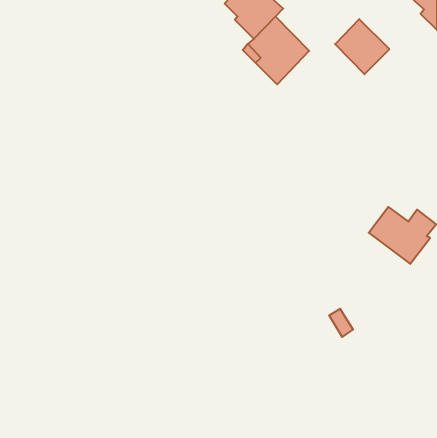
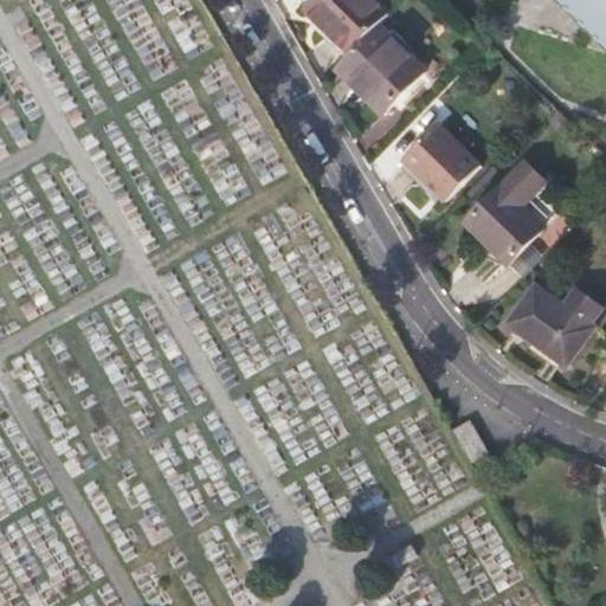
building: [335,19,389,74] -> [404,123,478,199]
building: none -> [465,160,546,262]

